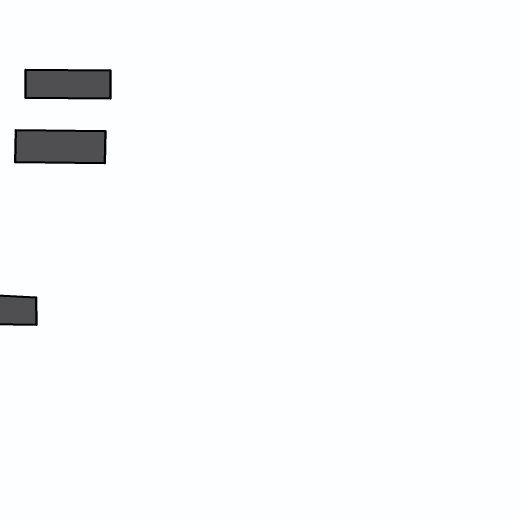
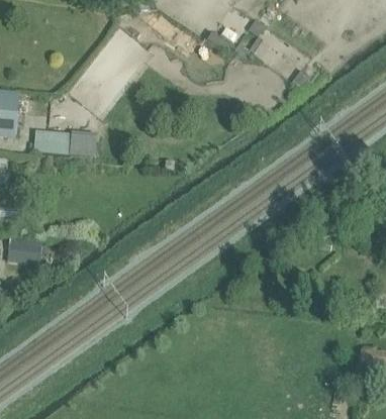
building: [25,70,111,98] -> none

